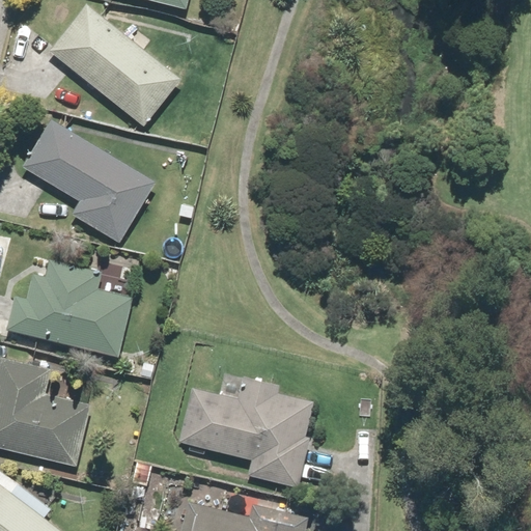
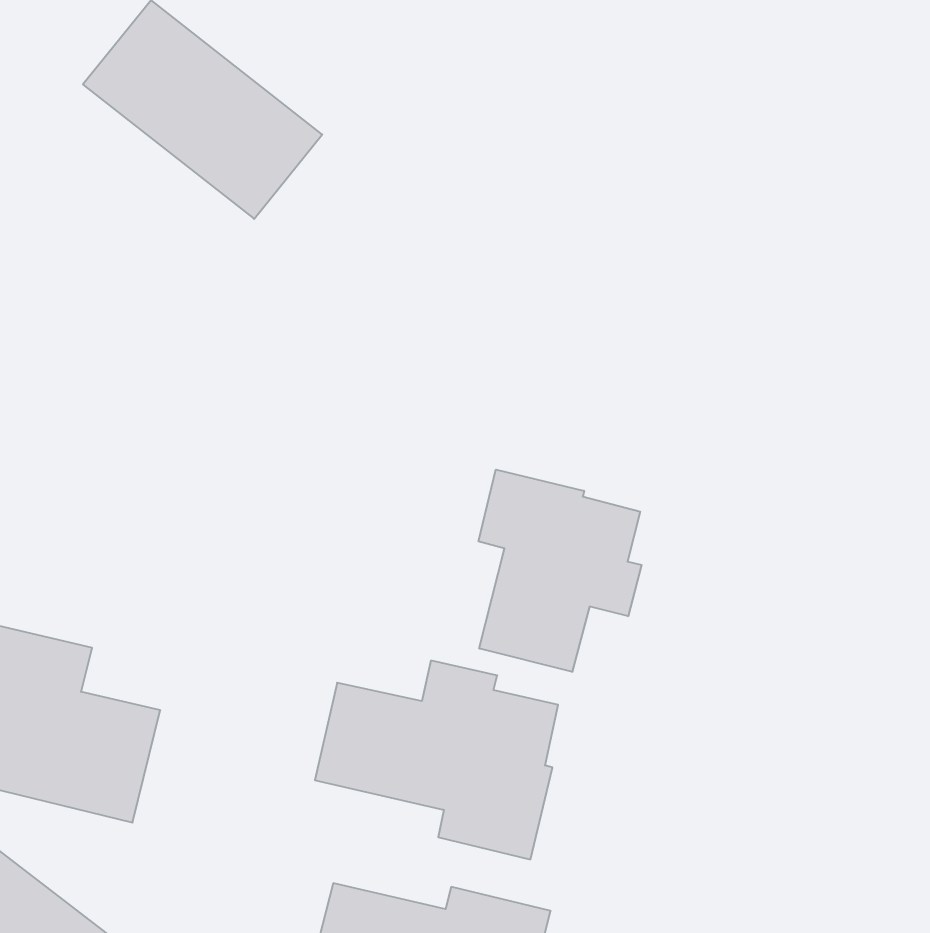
building: [22,119,156,244] -> none
building: [4,258,132,358] -> none
building: none -> [479,470,642,672]

